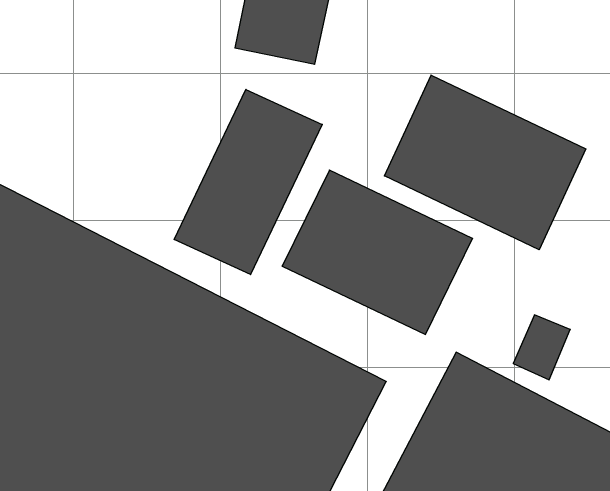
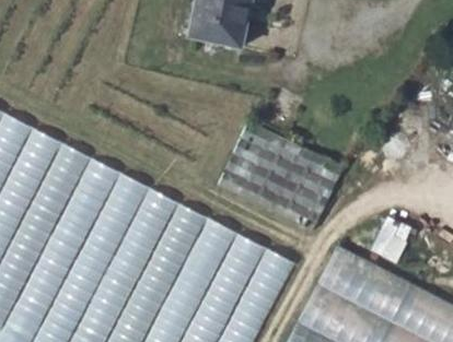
building: [384,75,586,250] -> none
building: [174,89,322,275] -> none

